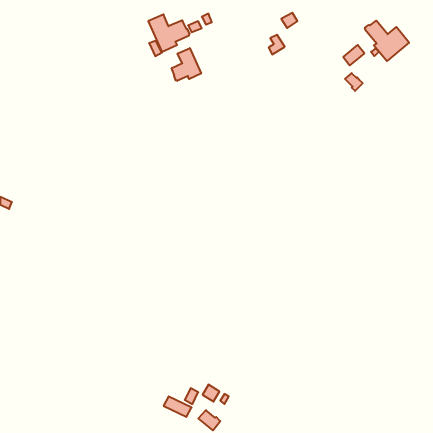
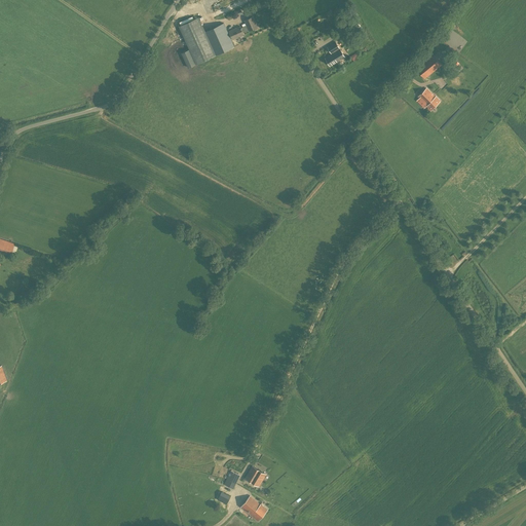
building: [365,21,409,61] -> none
building: [172,48,201,81] -> none

